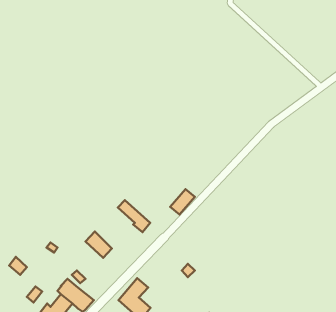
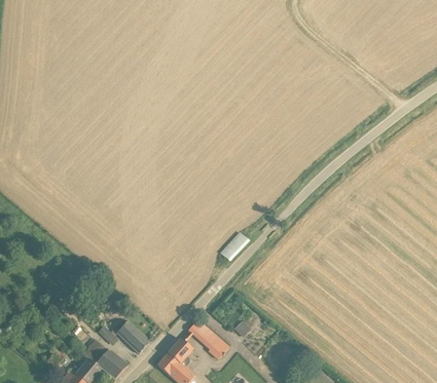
building: [118,200,150,232] -> [188,319,227,358]
building: [86,231,112,258] -> [116,321,148,353]

